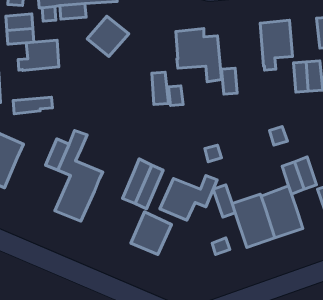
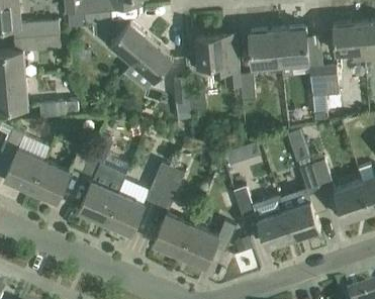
building: none -> [250,29,281,72]
building: none -> [131,39,173,81]
building: [18,40,59,70] -> none
building: none -> [30,160,69,200]
building: [160,176,217,220] -> [179,221,235,265]
building: none -> [104,192,144,233]

